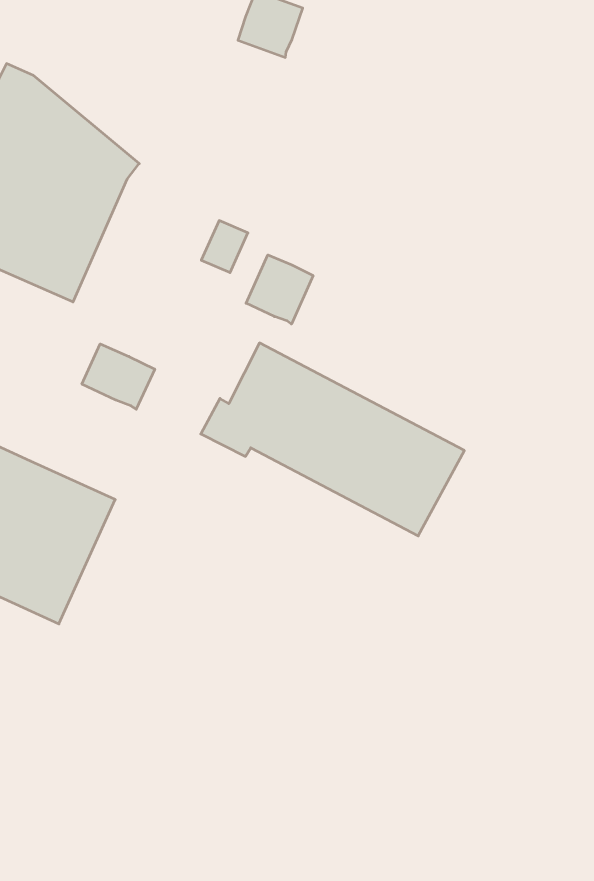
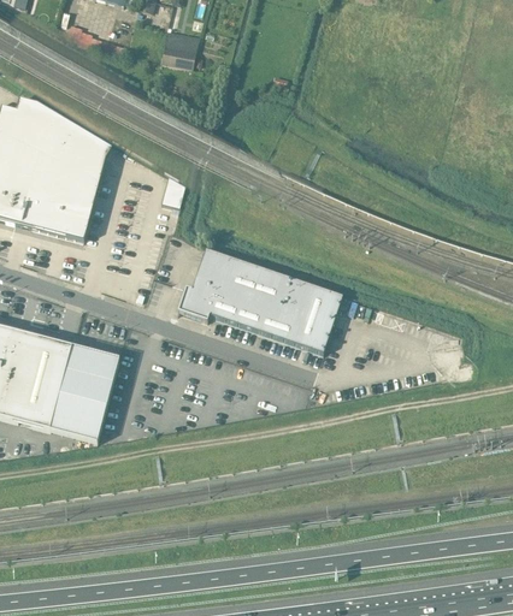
building: [246,255,313,324] -> none
building: [82,344,155,409] -> none

